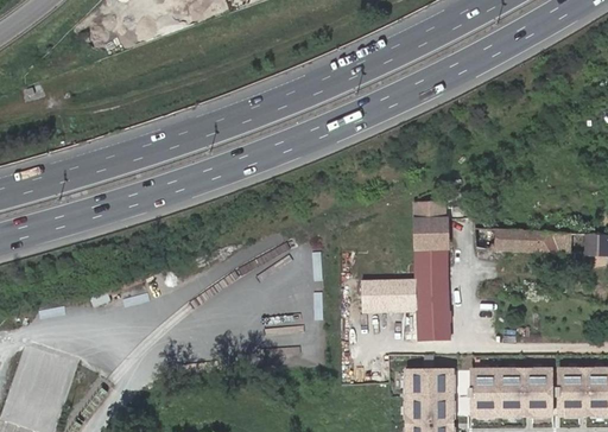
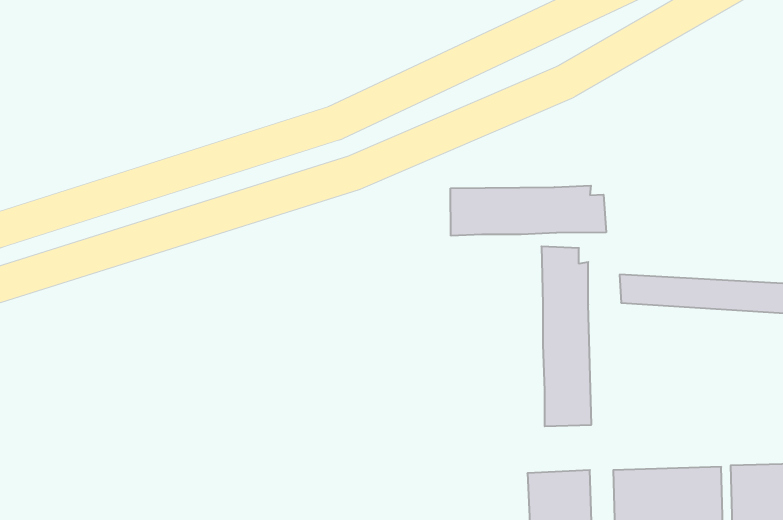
building: none -> [451,186,606,236]
building: [362,278,417,313] -> none

